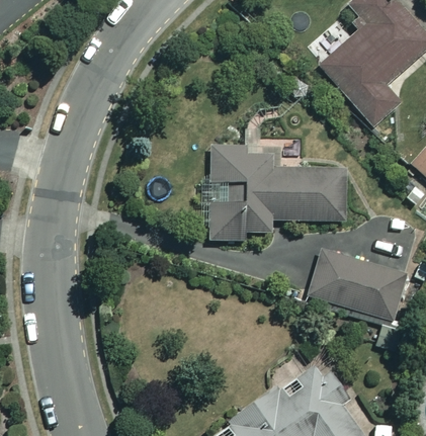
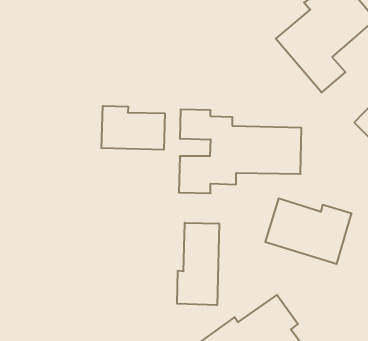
building: none -> [101,106,165,150]
building: none -> [177,223,219,305]

